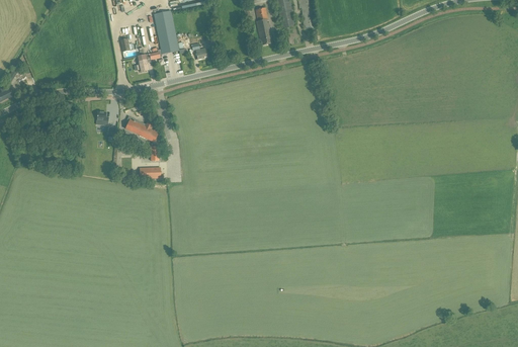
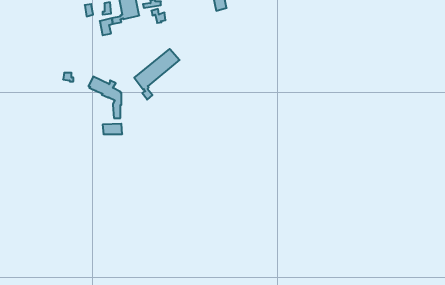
building: none -> [134,49,180,100]

